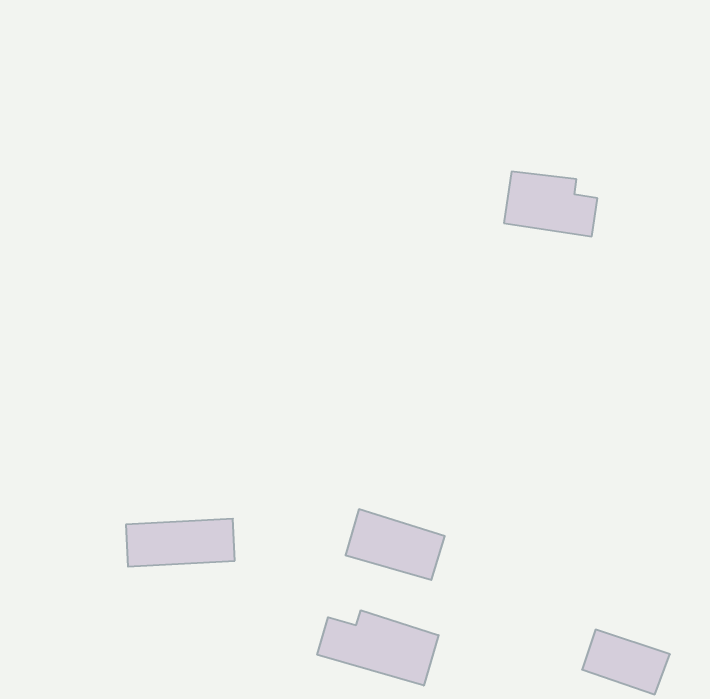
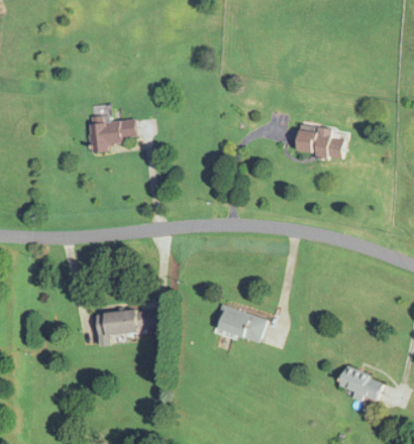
building: none -> [87,118,133,152]
building: [317,610,439,686] -> none

